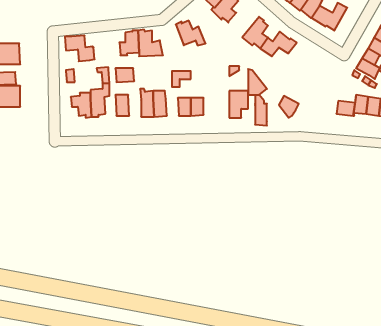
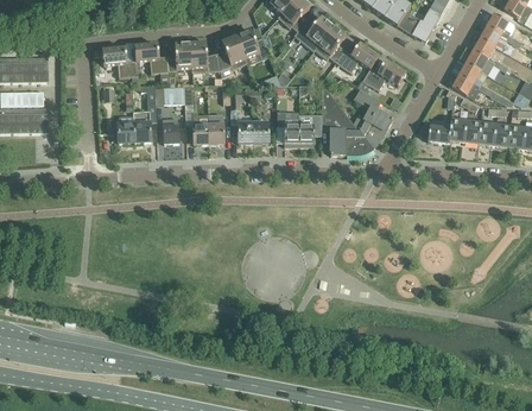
building: none -> [293,17,335,51]
building: none -> [216,34,247,71]
building: none -> [134,44,169,74]
building: none -> [362,61,406,90]
building: none -> [354,89,393,132]
building: none -> [277,112,299,146]
building: none -> [335,112,370,152]

